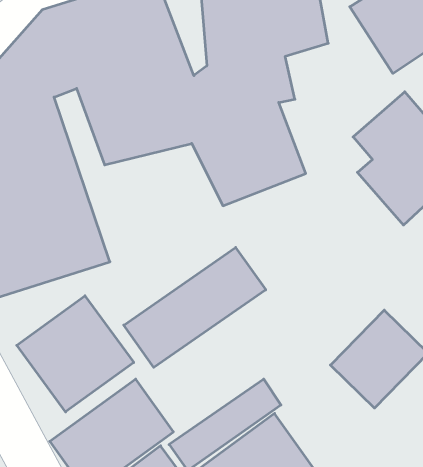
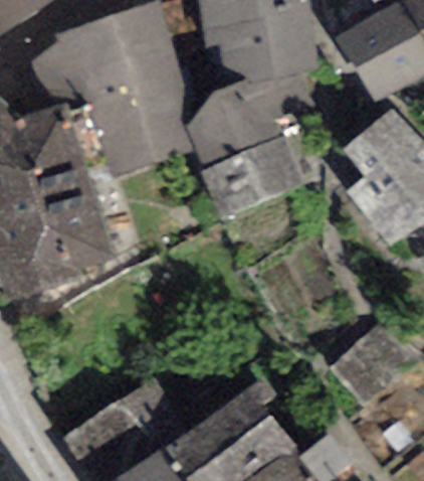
building: [124,247,266,367] -> none
building: [17,296,134,412] -> none

